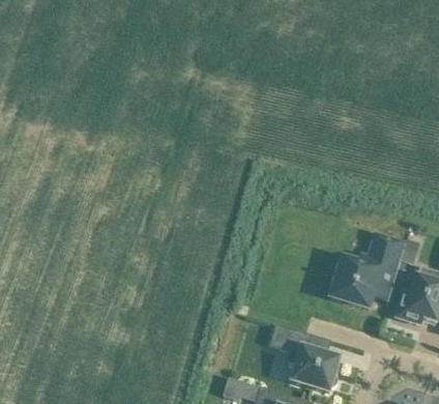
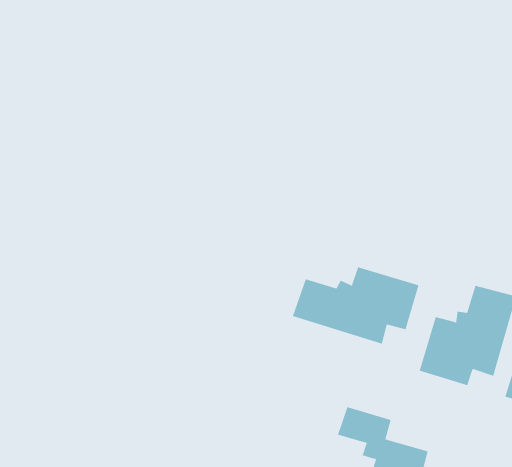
building: none -> [292,267,419,344]

